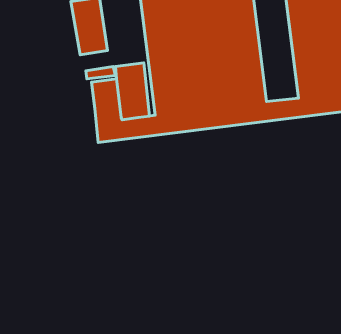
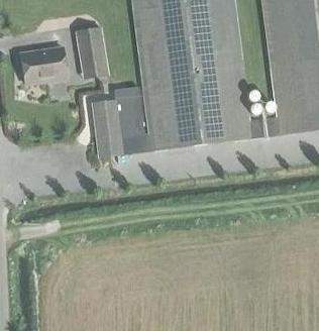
building: none -> [19,46,66,83]

